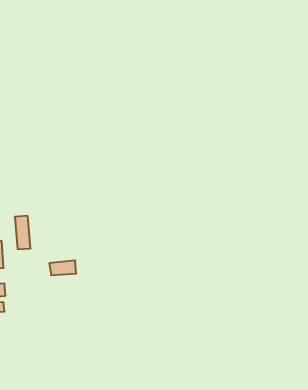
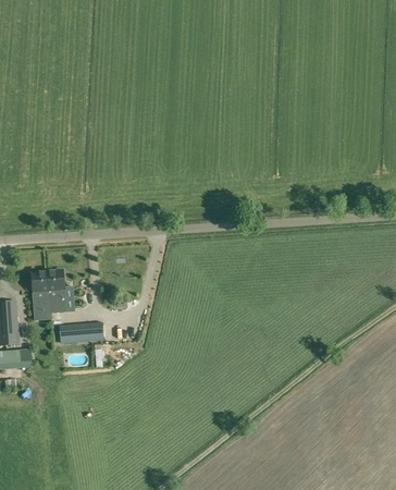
building: none -> [46,270,64,310]

